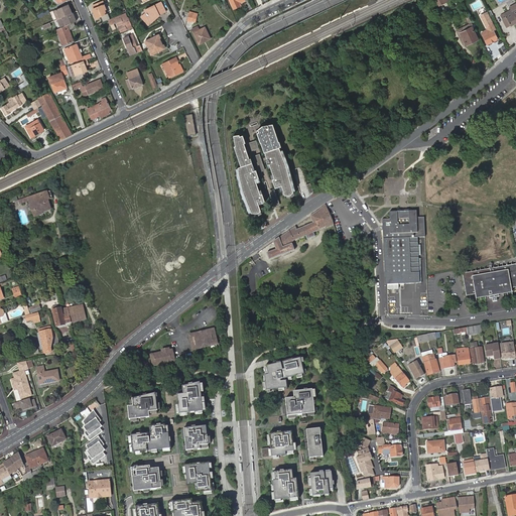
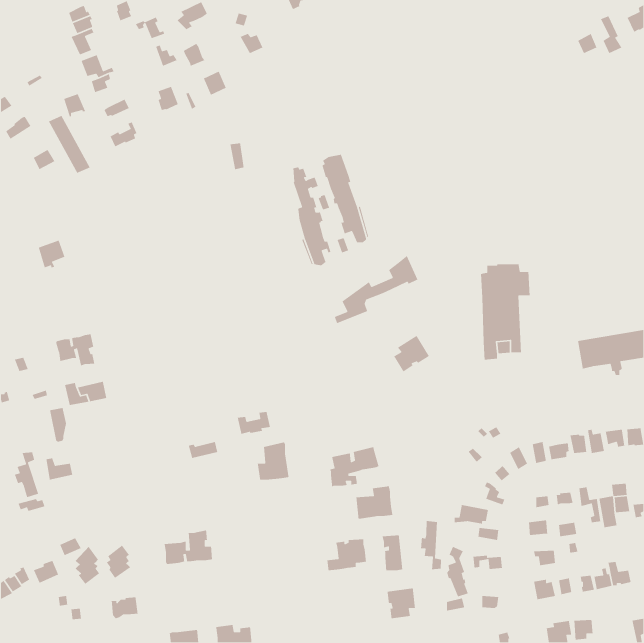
building: none -> [56,333,95,367]
building: none -> [393,335,430,372]
building: [177,381,204,412] -> [257,441,290,480]
building: [128,392,157,418] -> none
building: [82,408,102,439] -> [75,546,100,585]
building: none -> [420,520,442,570]
building: [183,425,209,449] -> none
building: [185,463,212,492] -> none
building: [131,466,161,491] -> none
building: [272,469,298,499] -> none

